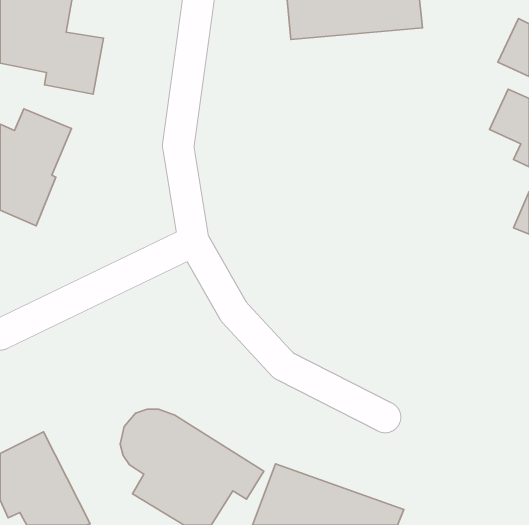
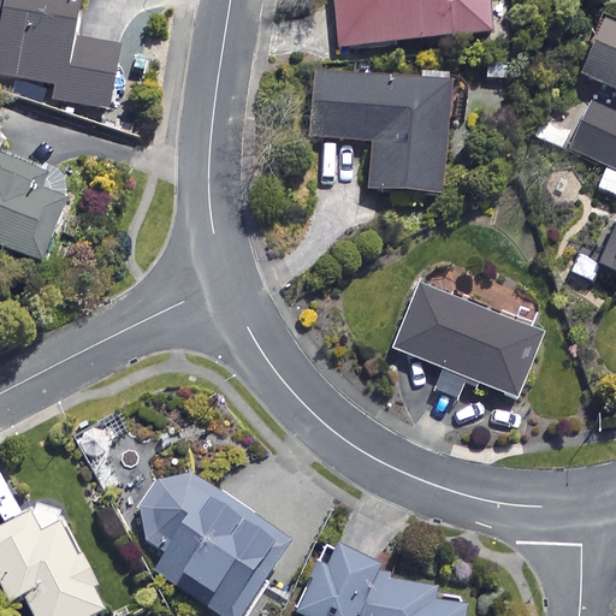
building: none -> [309,72,448,191]
building: none -> [393,285,539,395]

